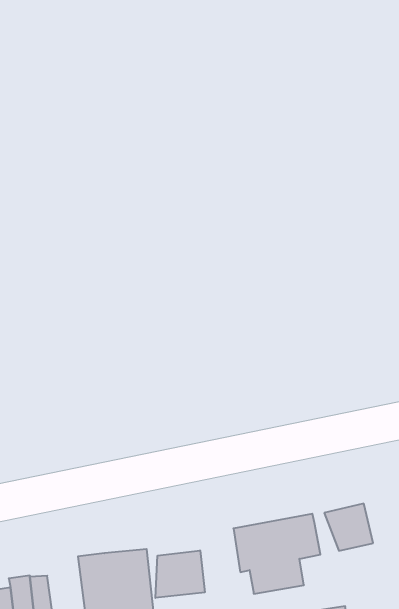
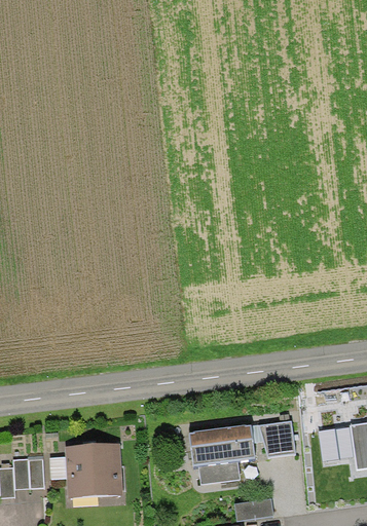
building: [155,550,205,598] -> none

